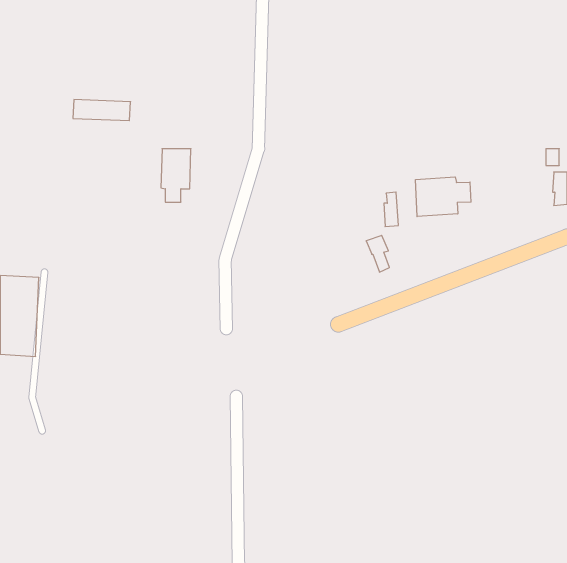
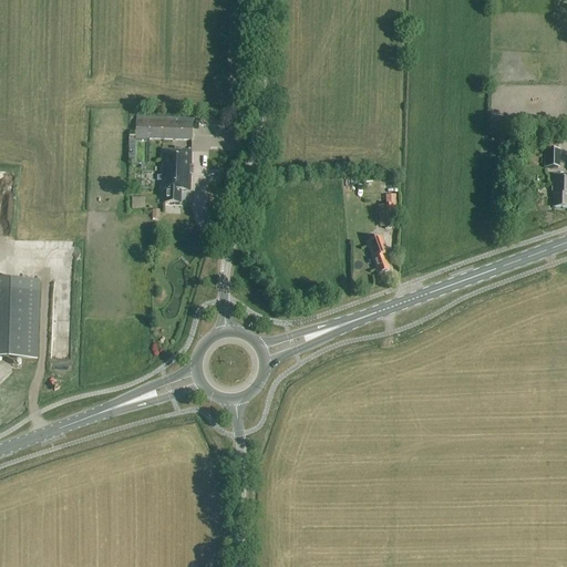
building: [73,100,131,121] -> [135,116,193,137]
building: [416,177,471,217] -> none

